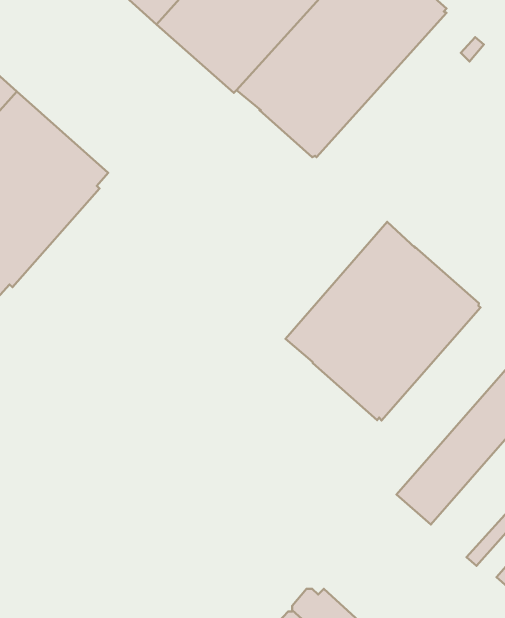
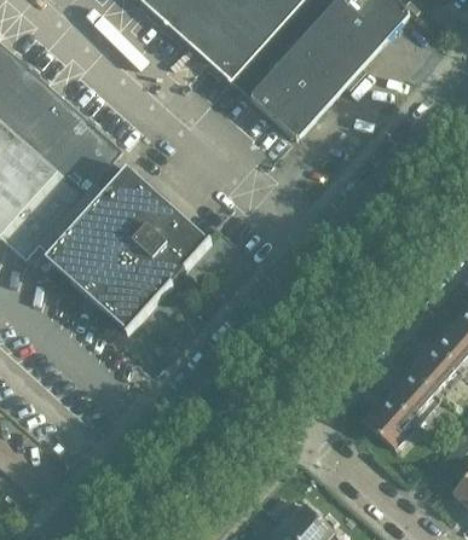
building: none -> [40,162,207,329]
building: [285,222,480,420] -> none

